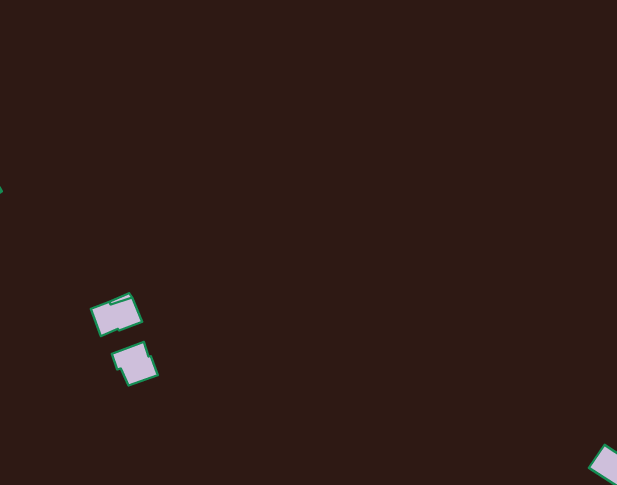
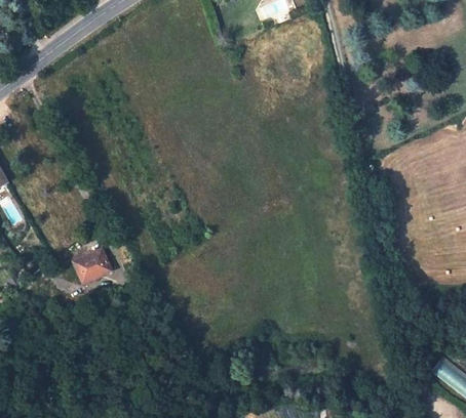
building: [112,342,158,386] -> none

